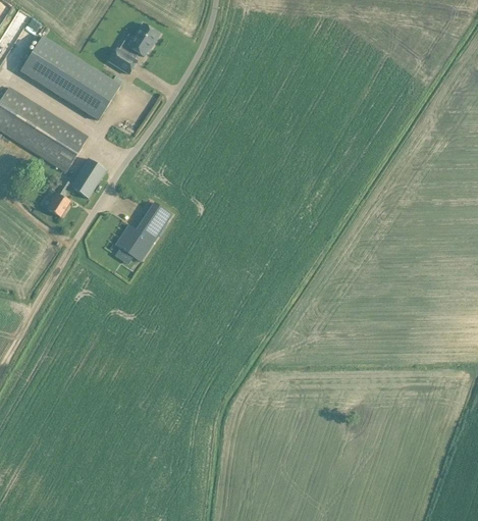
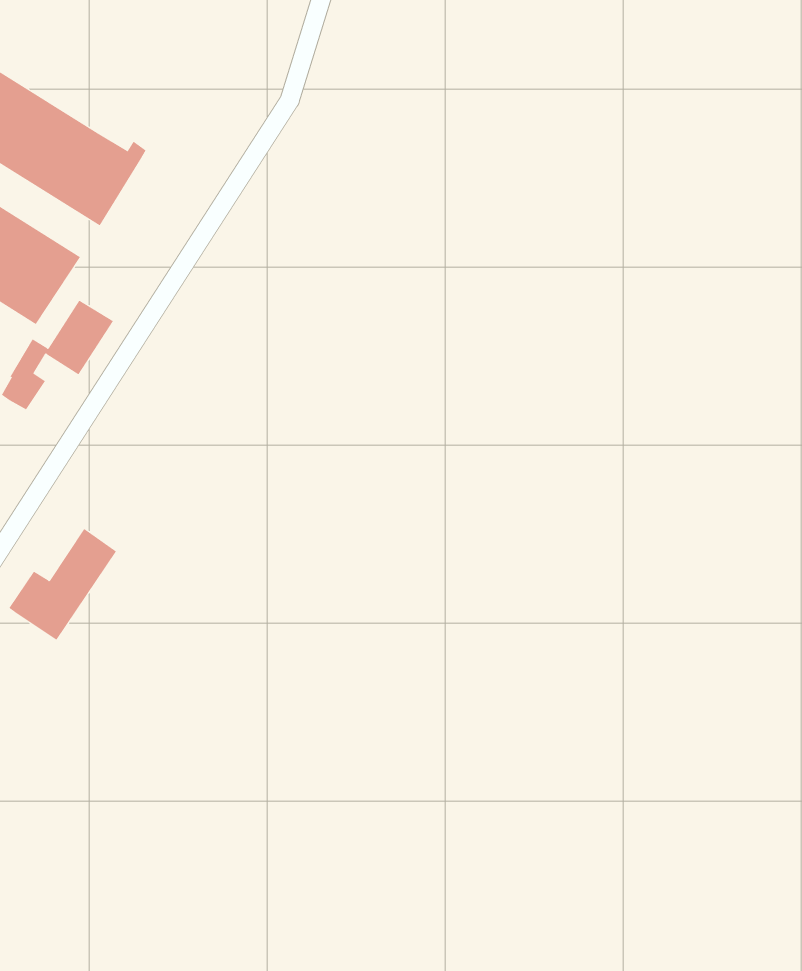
building: [108,23,159,73] -> none
building: [114,202,171,261] -> [8,528,117,641]

